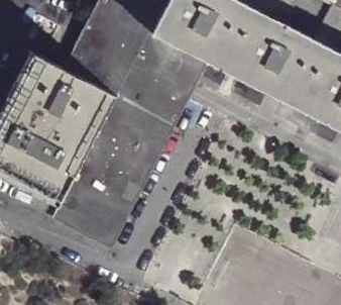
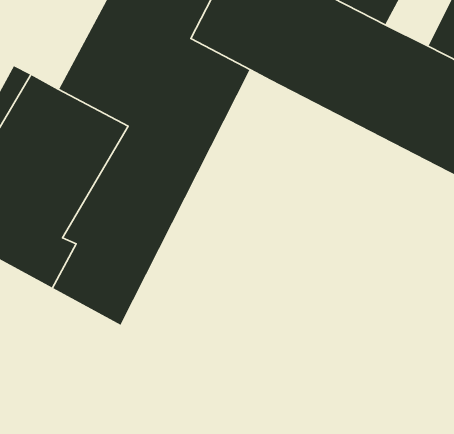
building: [51,55,207,253] -> none

